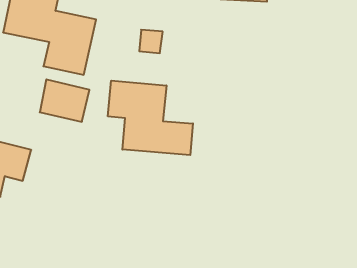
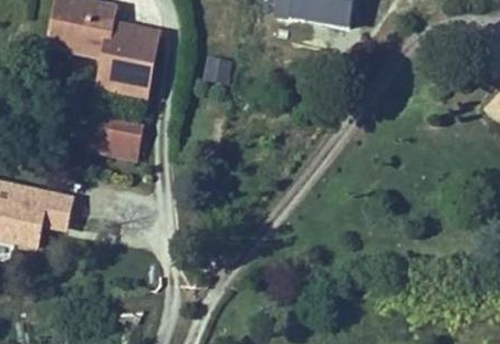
building: [108,81,193,155] -> none

